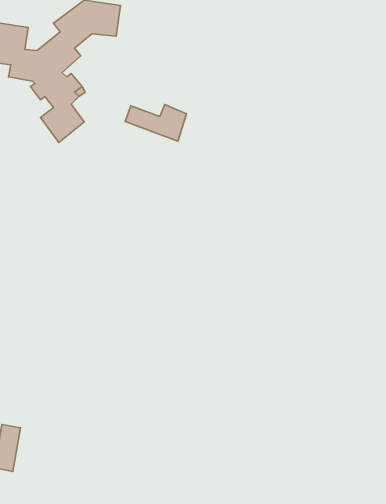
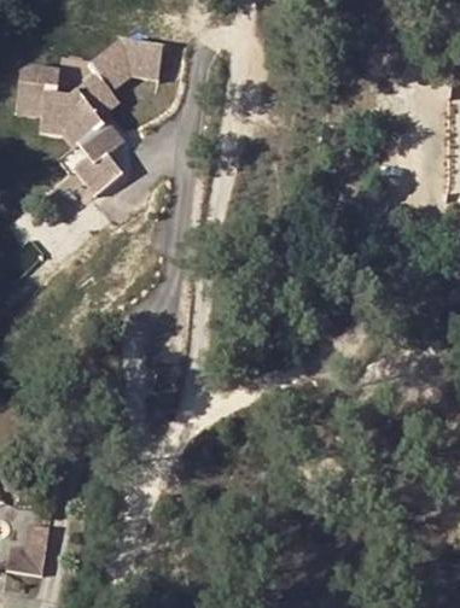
building: [125,105,187,141] -> none

